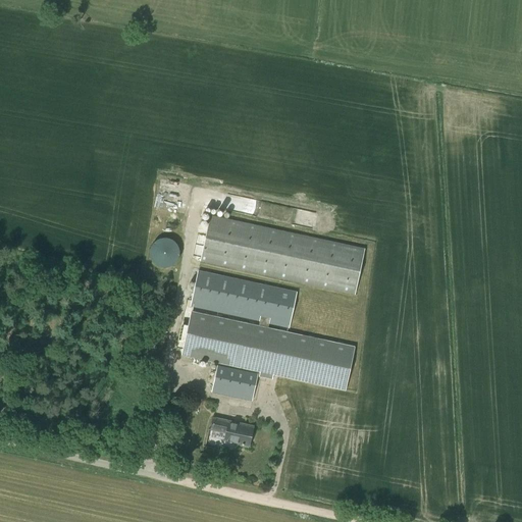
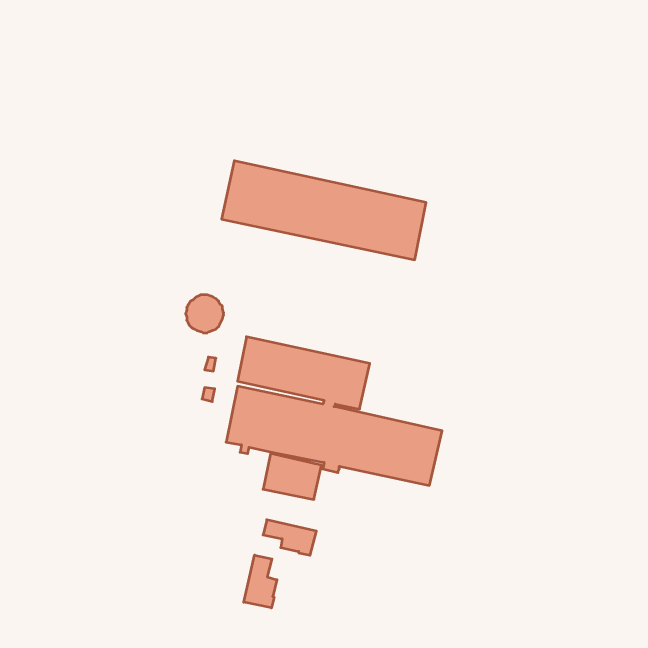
building: [201,214,365,294] -> [222,161,426,260]
building: none -> [244,555,277,608]

